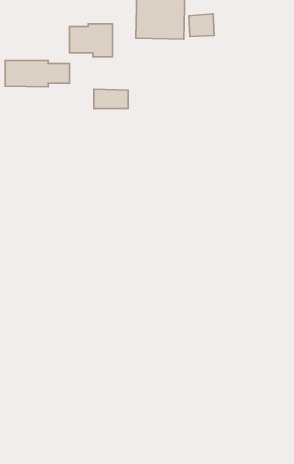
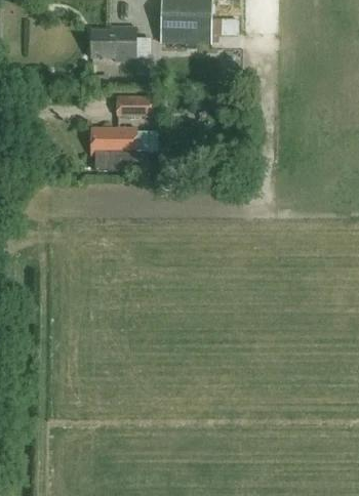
building: [5,61,70,87] -> [90,128,158,156]

